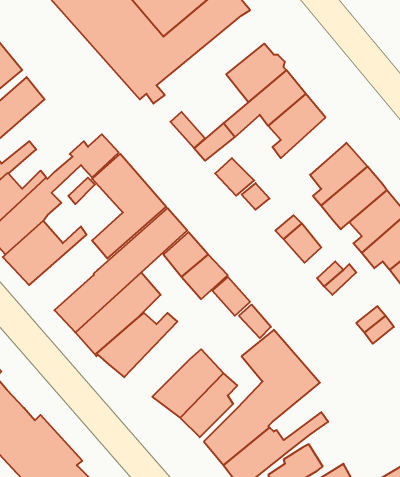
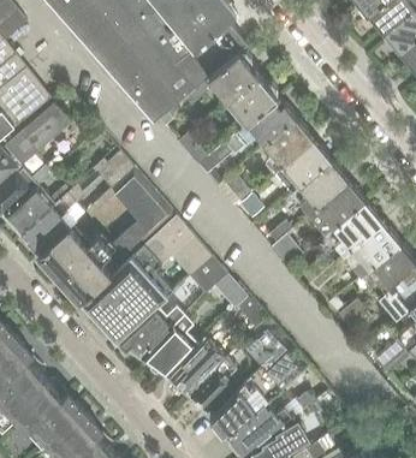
building: none -> [185,49,258,103]
building: none -> [273,137,329,192]
building: none -> [57,238,118,304]
building: none -> [138,313,204,377]

